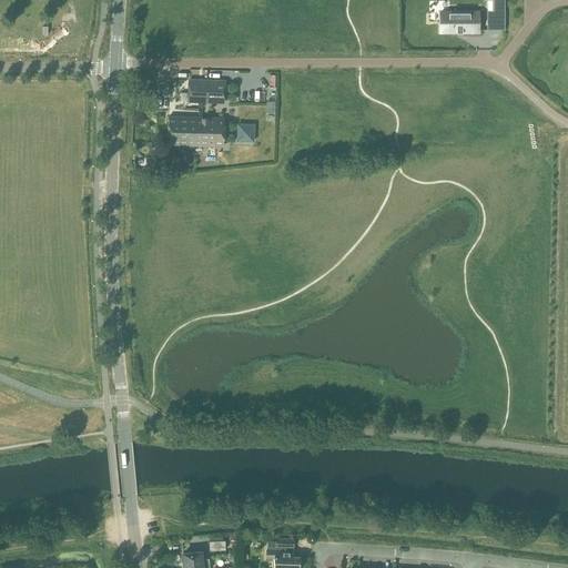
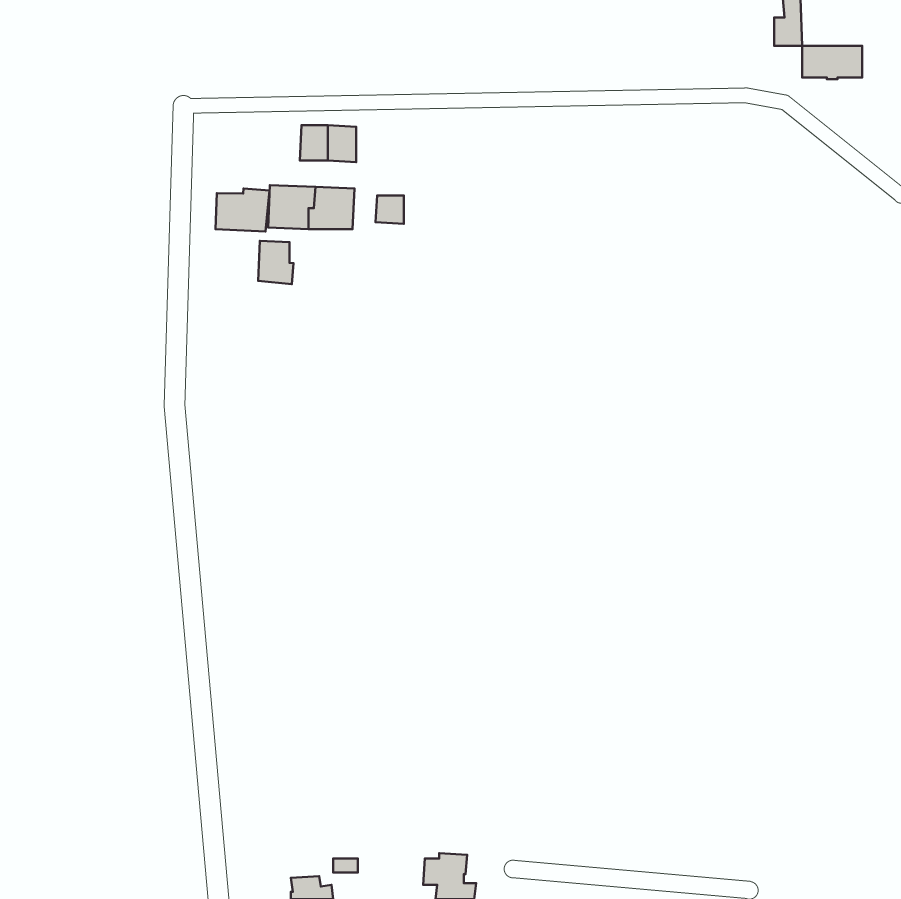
building: [440,11,478,32] -> [802,46,862,79]
building: none -> [216,189,270,231]
building: none -> [258,241,293,284]

